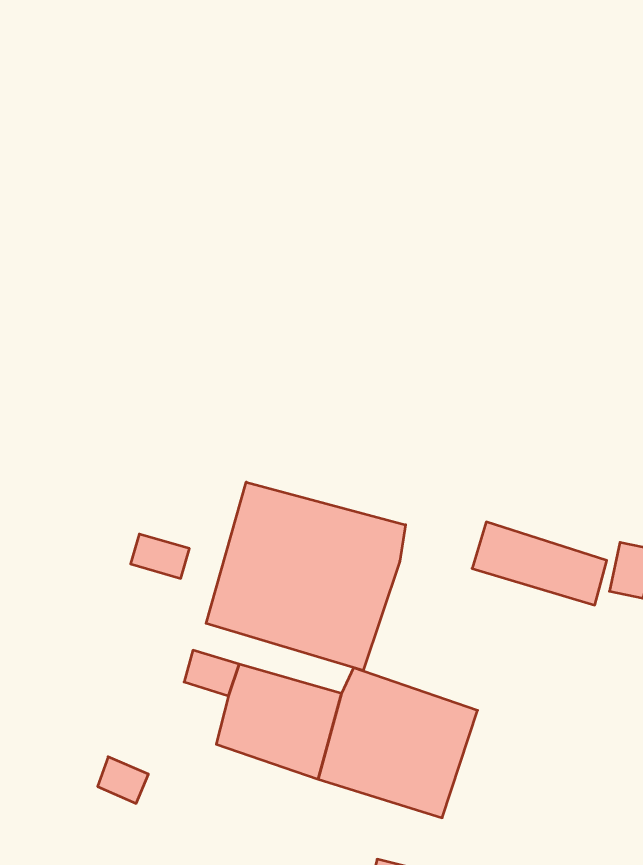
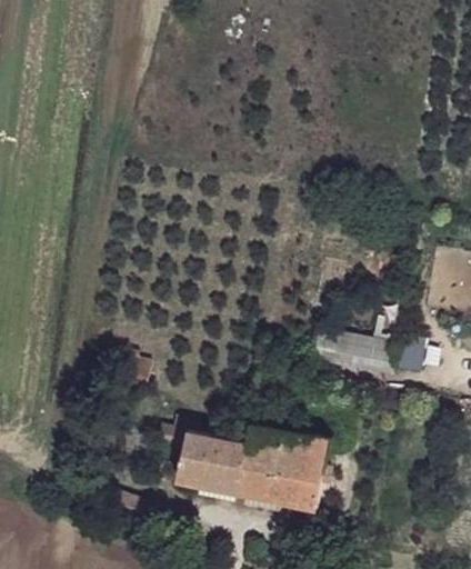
building: [206,482,406,671] -> none

